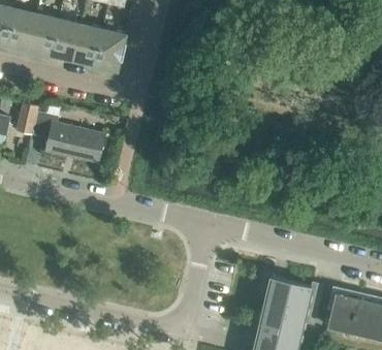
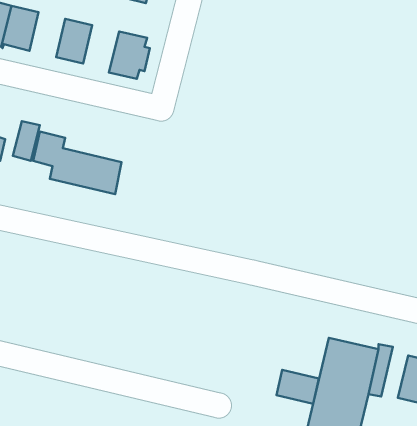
building: [29,15,58,52] -> none
building: [72,26,101,64] -> none
building: none -> [276,370,319,404]

